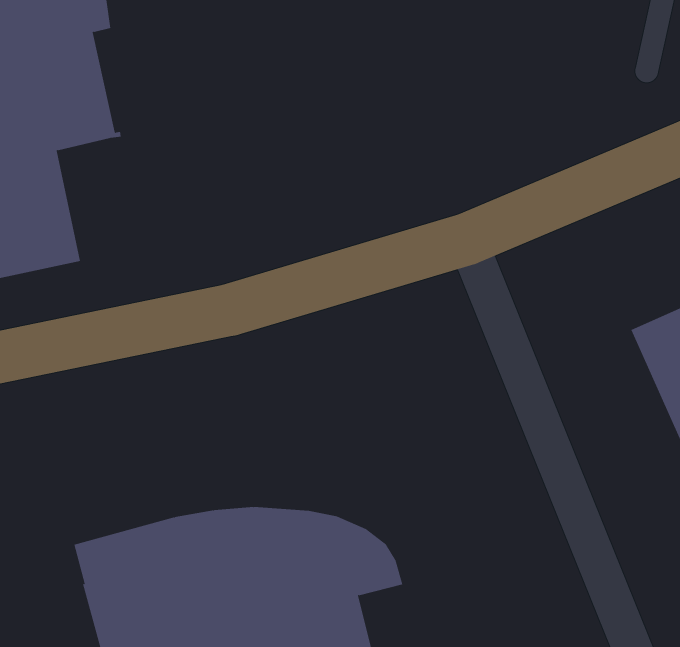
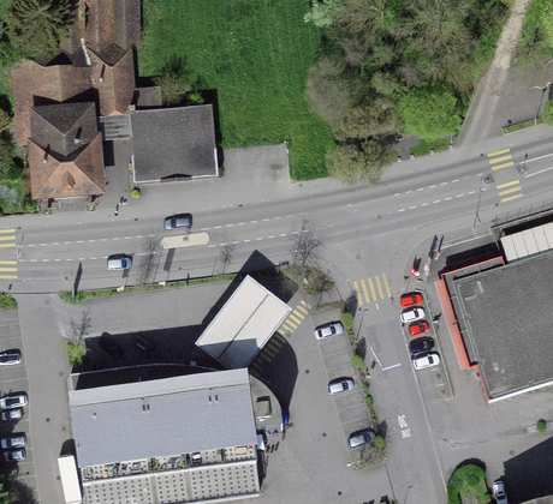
building: none -> [127,90,215,173]
building: none -> [197,274,292,374]

